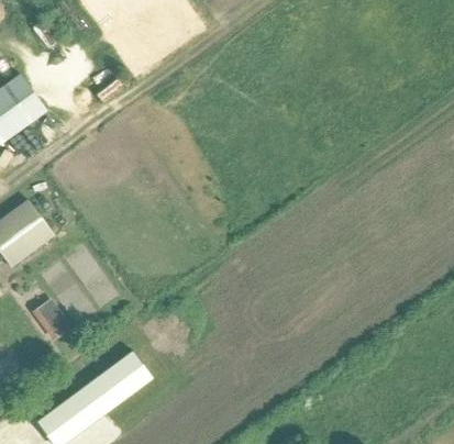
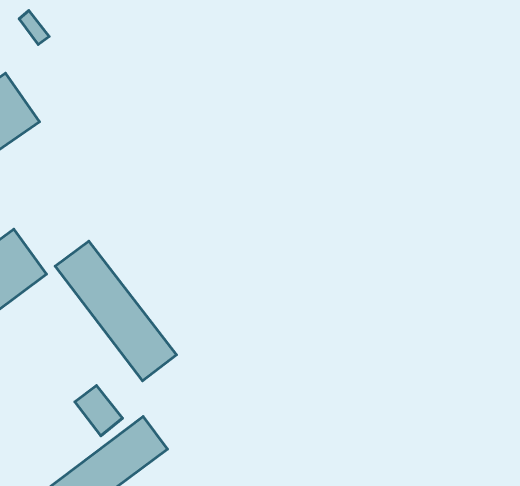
building: none -> [55,241,177,381]
building: [32,298,70,338] -> [75,385,122,436]

